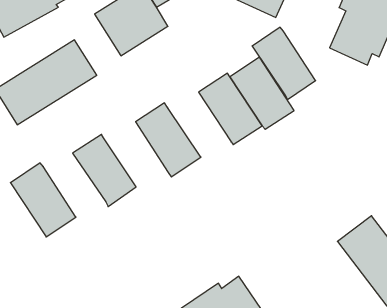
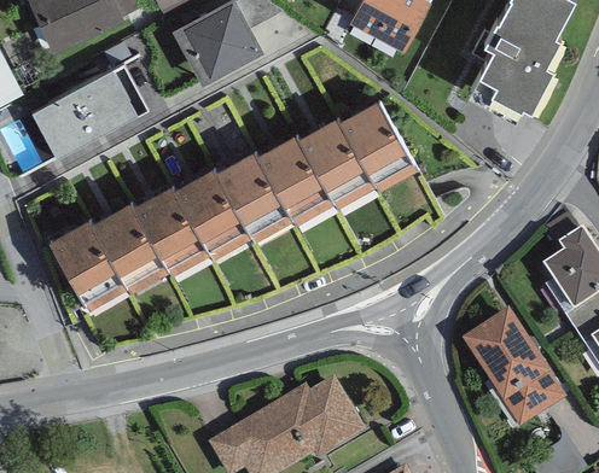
building: [252,27,316,99] -> [257,133,336,226]
building: none -> [173,167,252,259]
building: none -> [93,199,170,292]

